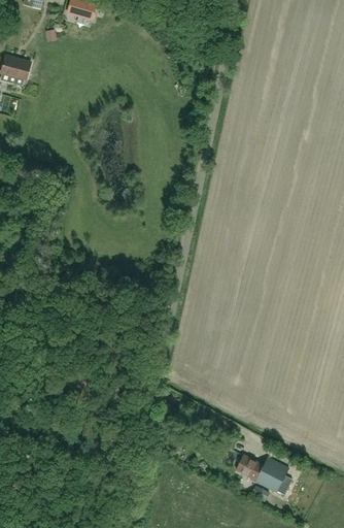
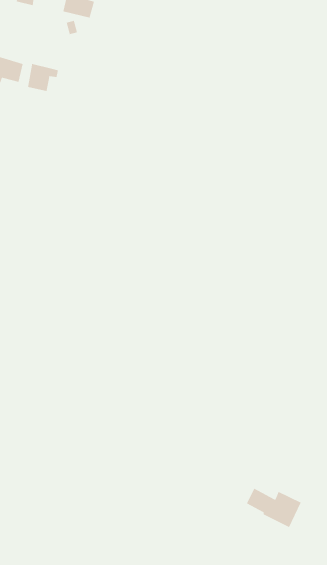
building: none -> [27,63,59,92]

